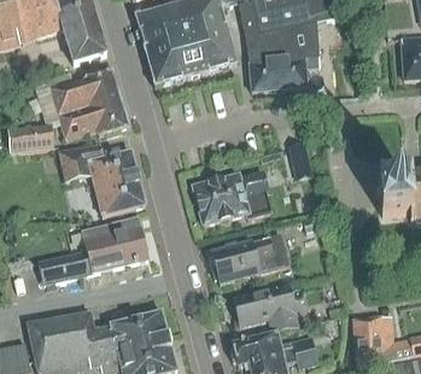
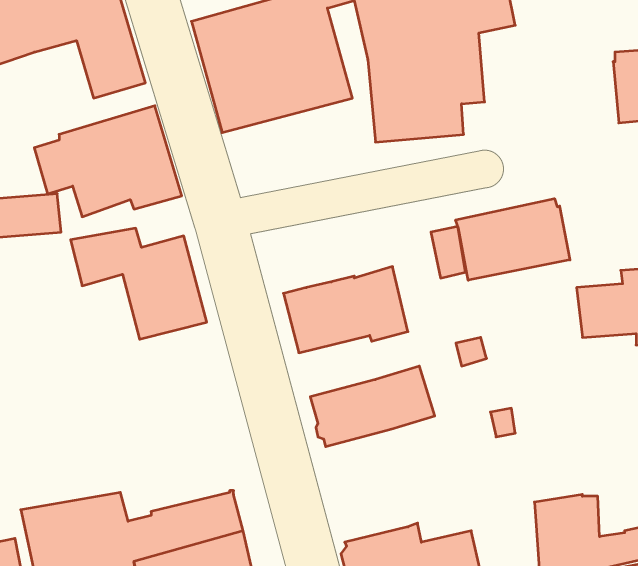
building: none -> [456,199,570,280]
building: [37,217,147,285] -> none
building: [232,285,299,334] -> none

